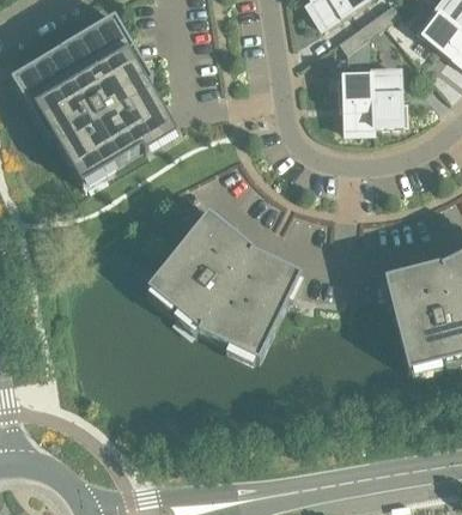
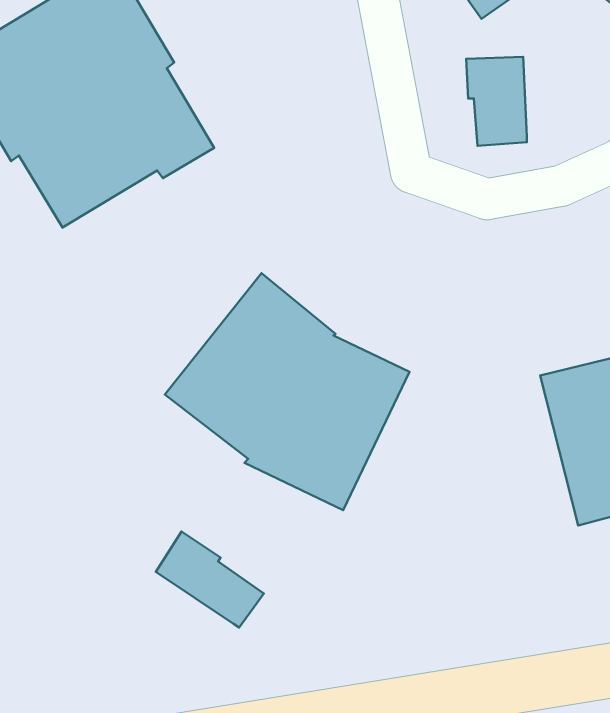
building: [372,68,407,123] -> none
building: none -> [156,531,264,627]

